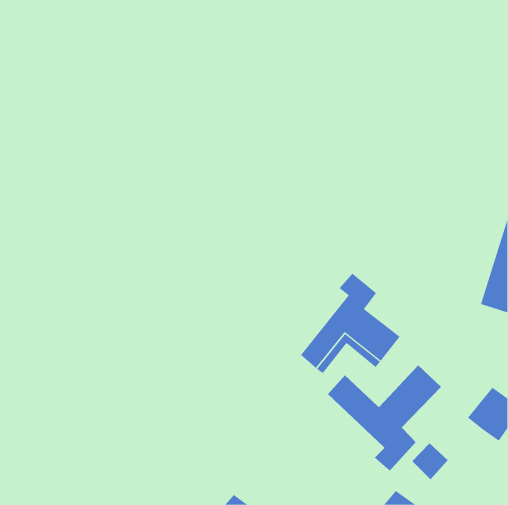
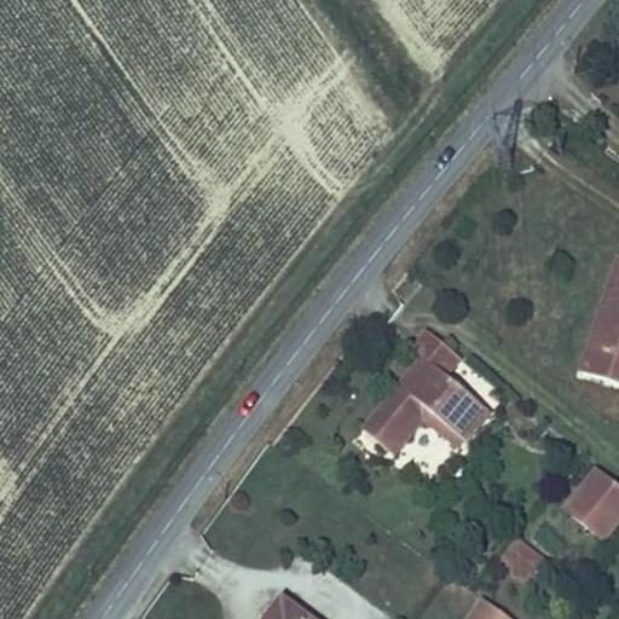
building: [327,365,442,472] -> none

